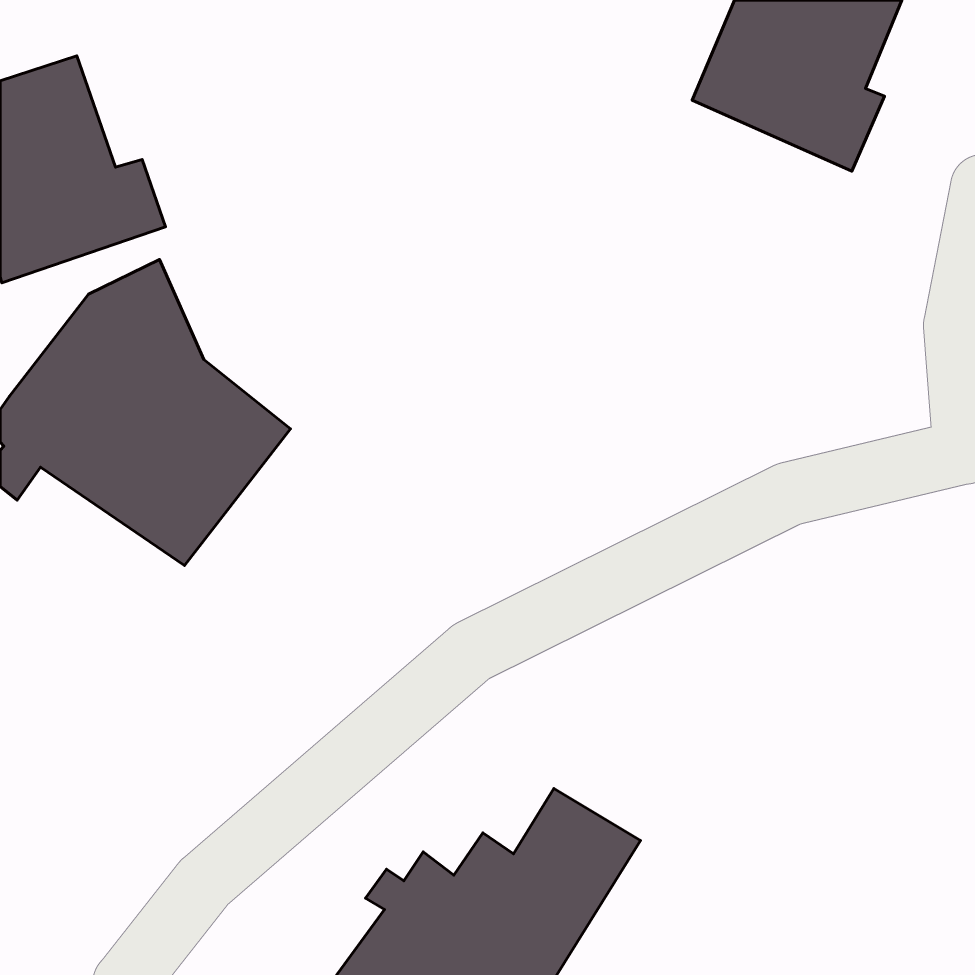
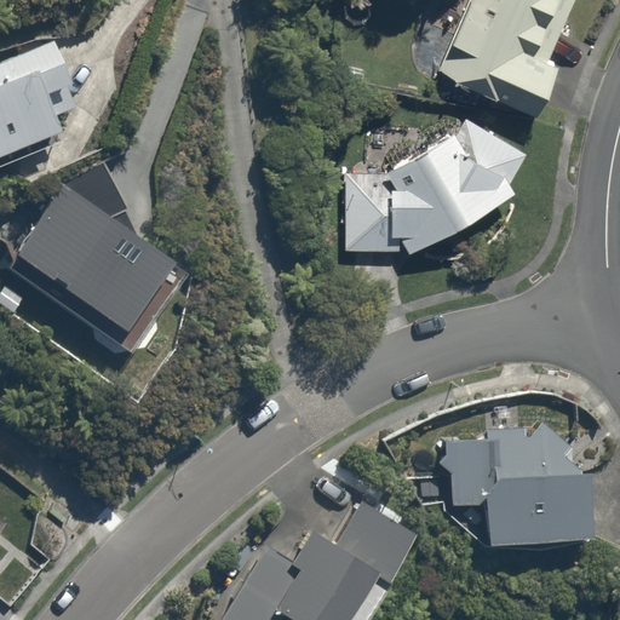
building: none -> [348,116,530,254]
building: none -> [440,425,585,547]

